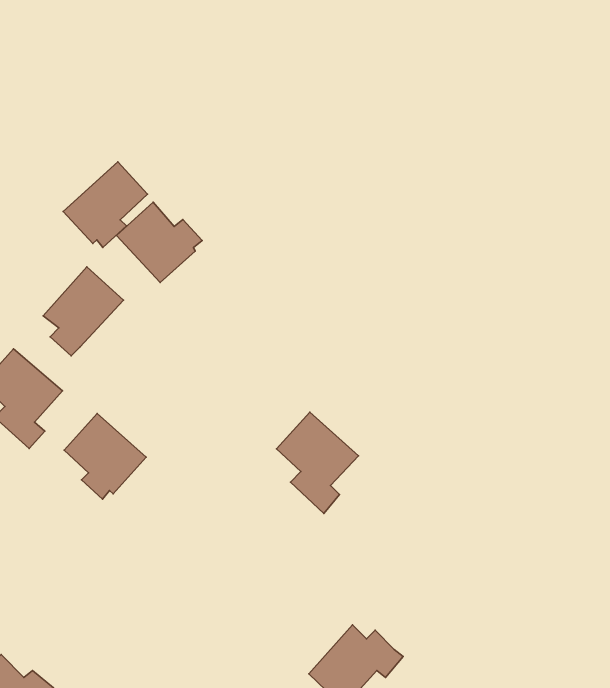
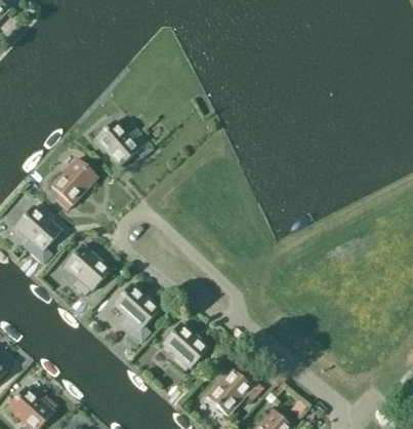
building: [63,162,147,248] -> none
building: [276,412,359,514] -> [112,283,160,343]
building: none -> [161,322,209,373]

